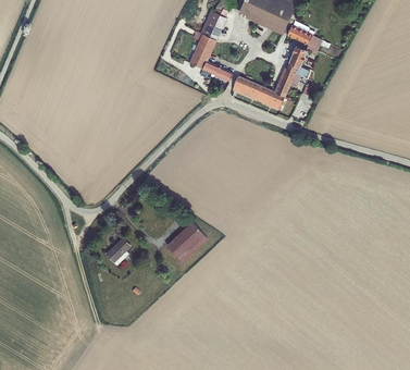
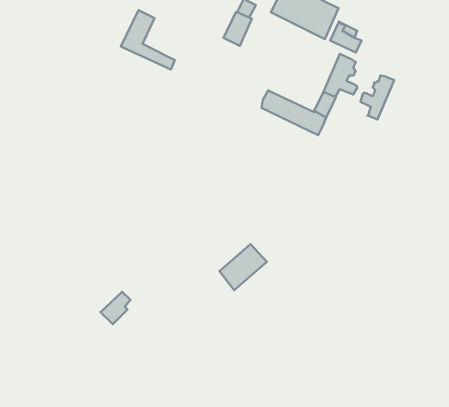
building: [188,33,232,81] -> [121,10,175,70]
building: none -> [360,75,394,120]
building: [166,225,204,262] -> [219,244,267,290]

